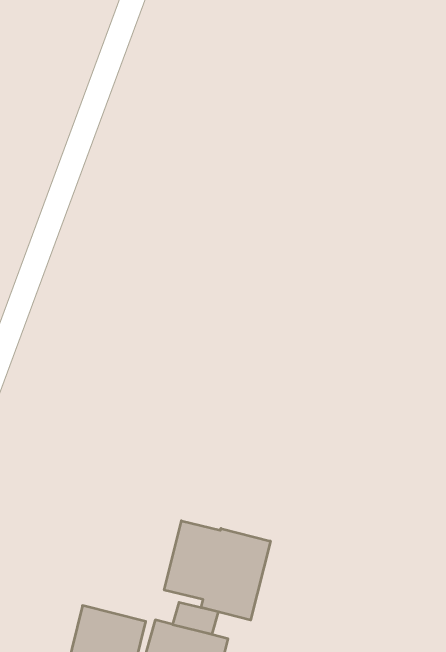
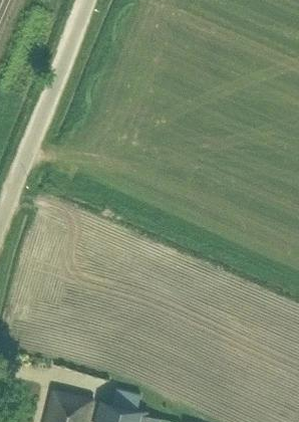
building: [164,521,270,620] -> none

